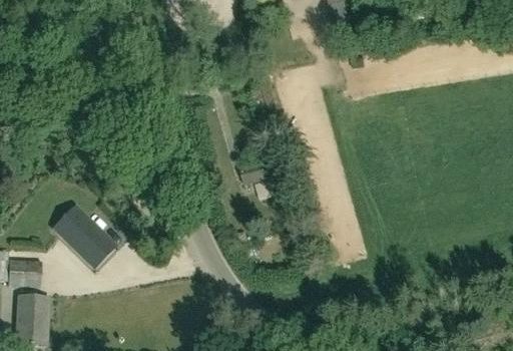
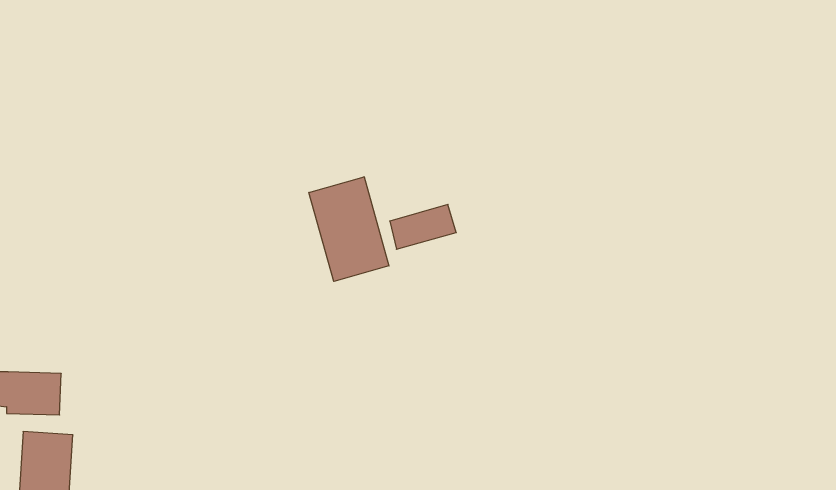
building: none -> [309,177,389,281]
building: [53,207,113,266] -> none

